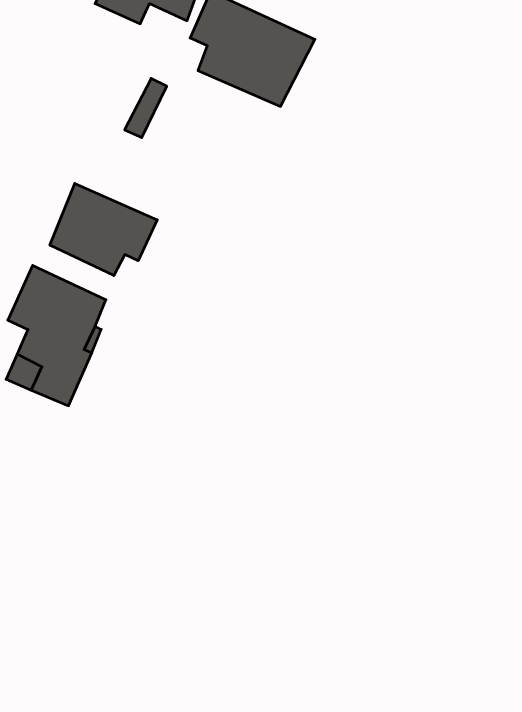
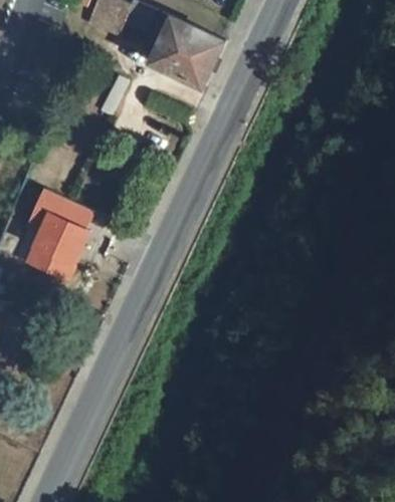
building: [50,183,157,276] -> none

